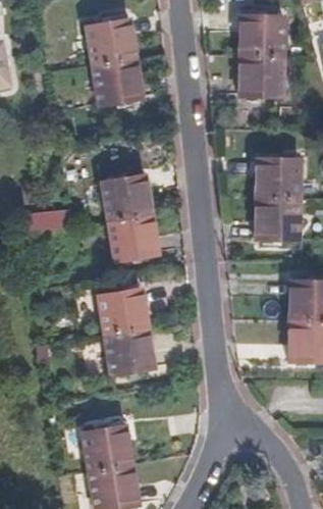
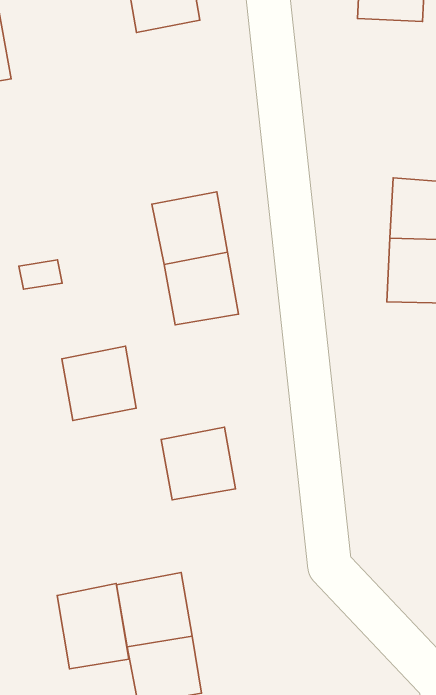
building: [234,53,280,96] -> none
building: [92,54,141,102] -> none
building: [101,282,150,330] -> [62,346,136,421]
building: none -> [57,584,129,669]

